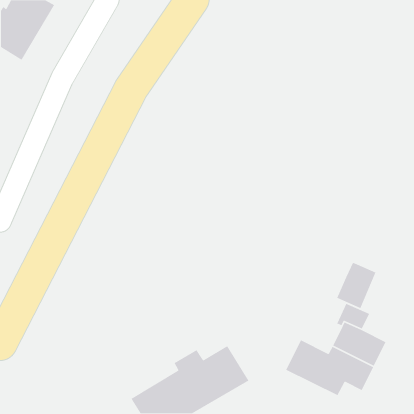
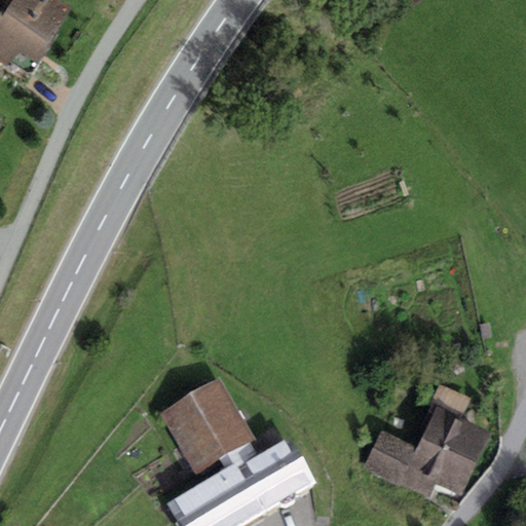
building: [336,262,377,309] -> none
building: none -> [159,377,256,474]

